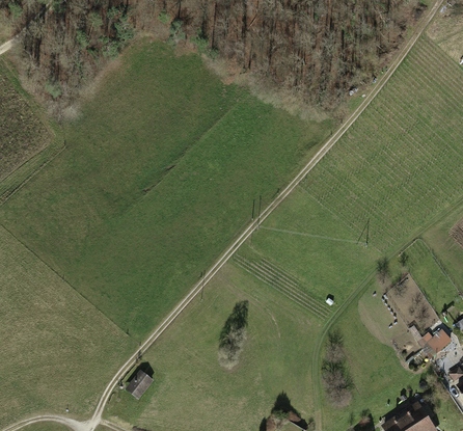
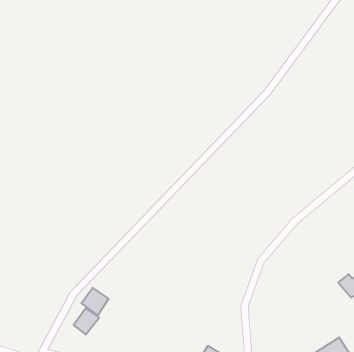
building: none -> [81,288,108,315]

